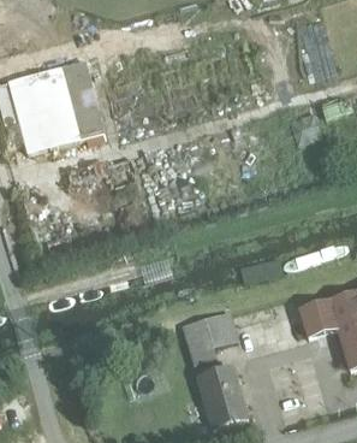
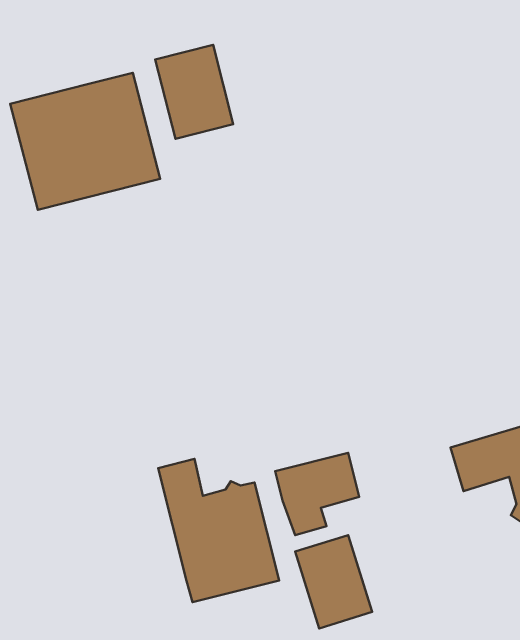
building: none -> [155,45,233,139]
building: none -> [158,459,279,602]

